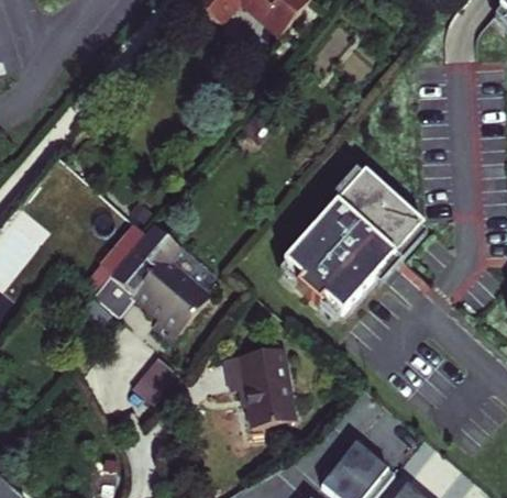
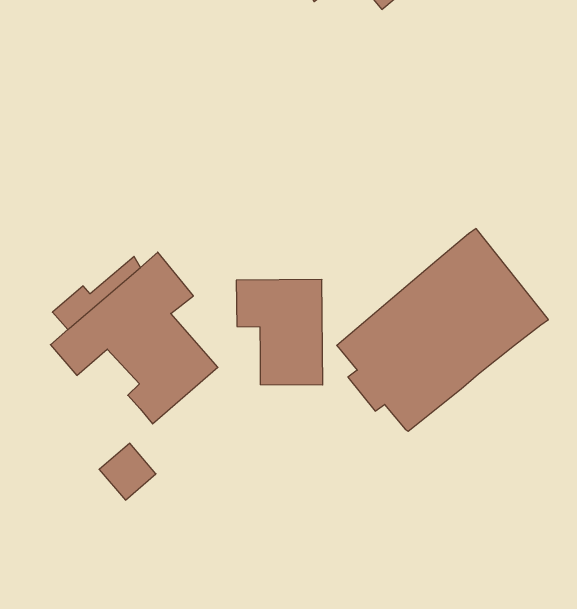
building: [227,347,296,424] -> [236,280,323,385]

